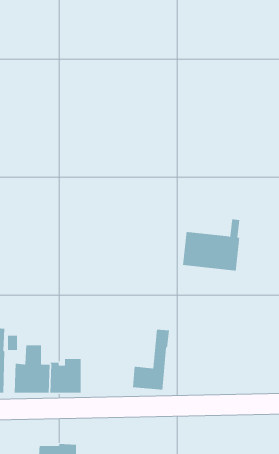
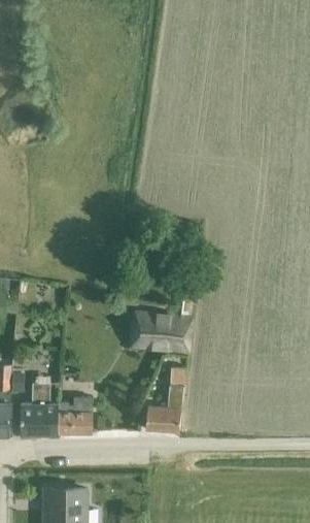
building: [182,219,240,271] -> [129,298,191,354]

